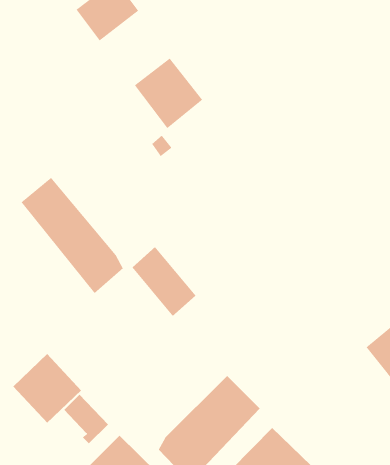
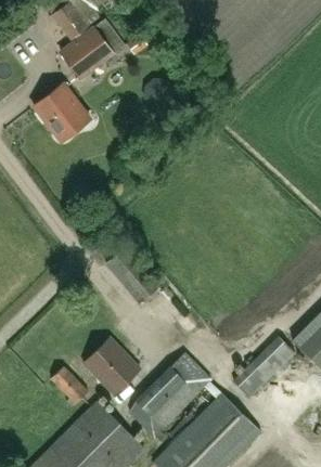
building: [134,57,203,129] -> [34,83,90,142]
building: [21,177,124,294] -> none
building: [13,353,82,424] -> [82,341,139,399]
building: none -> [233,336,296,399]

